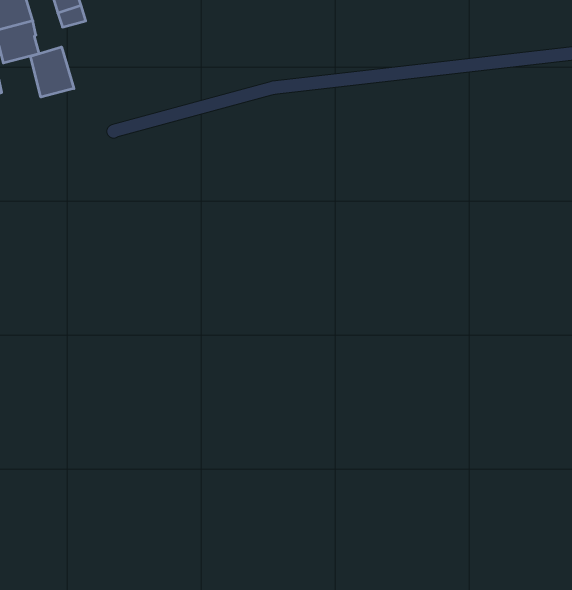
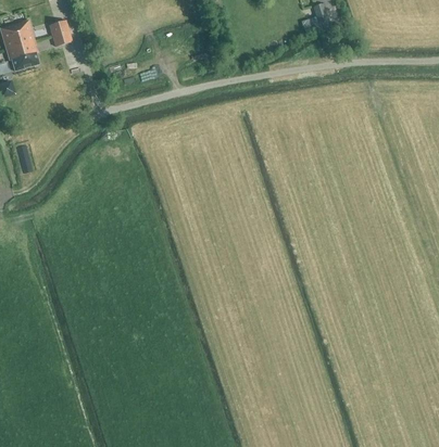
building: [31,47,74,97] -> none

